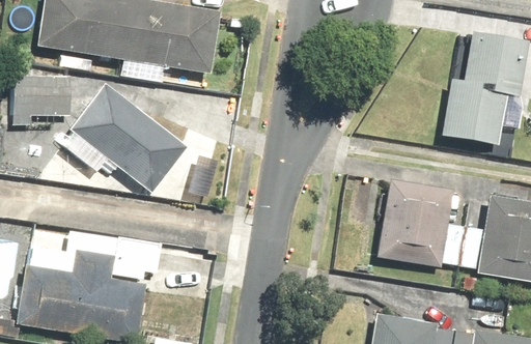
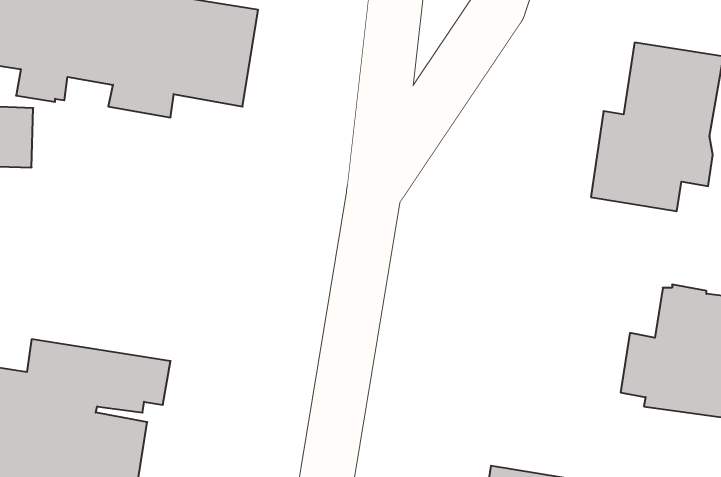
building: [63,82,188,193] -> none
building: [375,178,465,266] -> none

